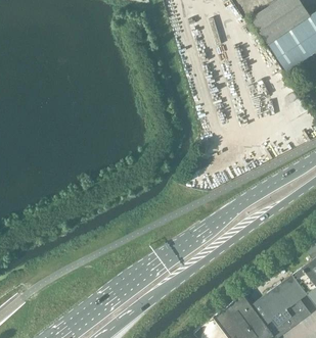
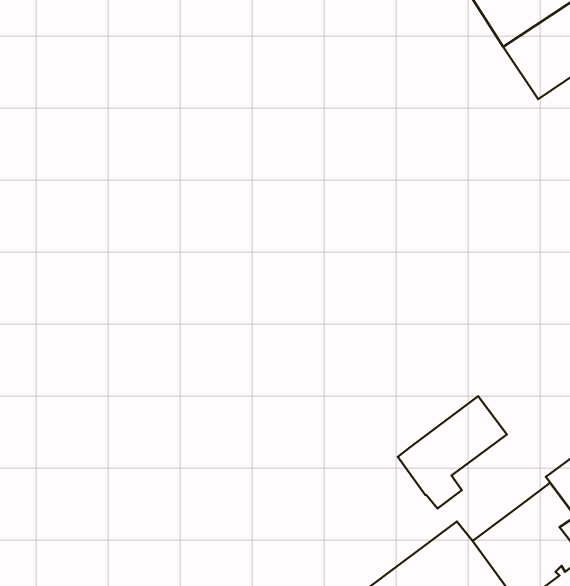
building: none -> [398,396,507,508]

